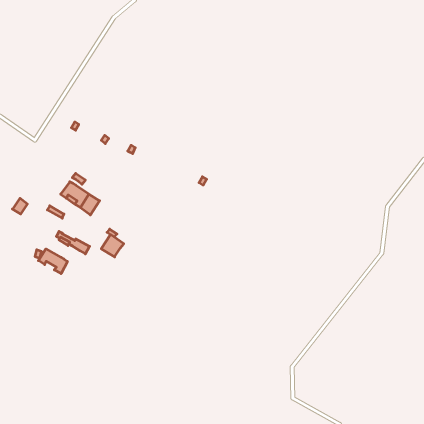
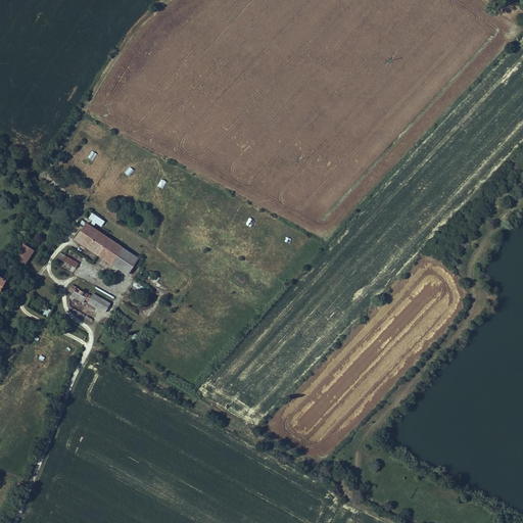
building: [101,235,124,257] -> [111,247,139,275]
building: [38,249,67,274] -> none

